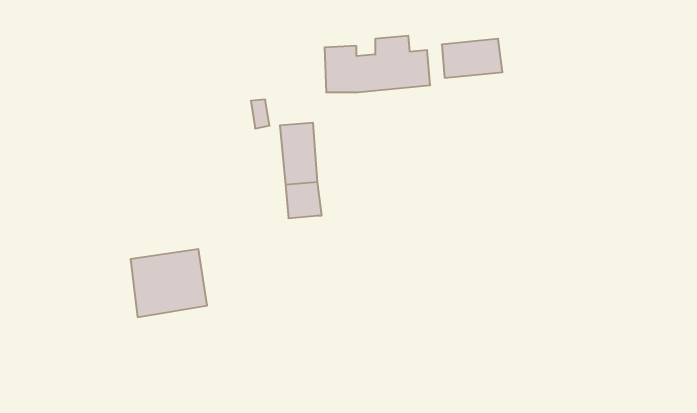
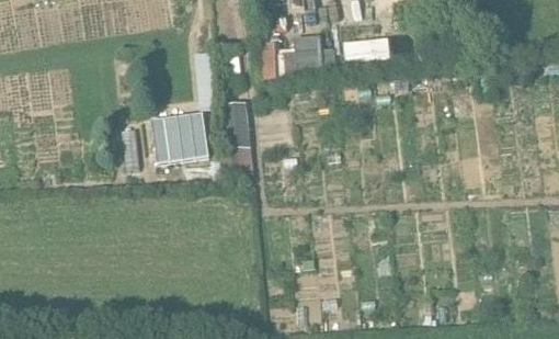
building: [130,249,207,317] -> [150,111,208,162]

